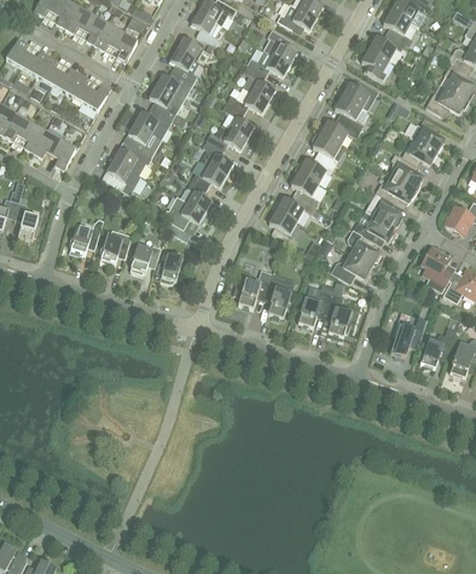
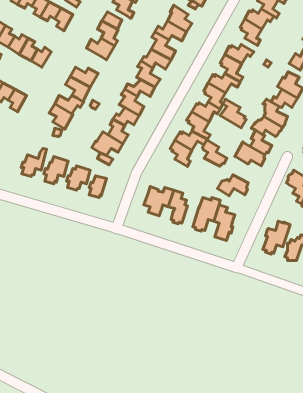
building: [149,85,182,118] -> none
building: none -> [220,99,246,128]
building: [348,228,381,263] -> [202,140,227,166]

